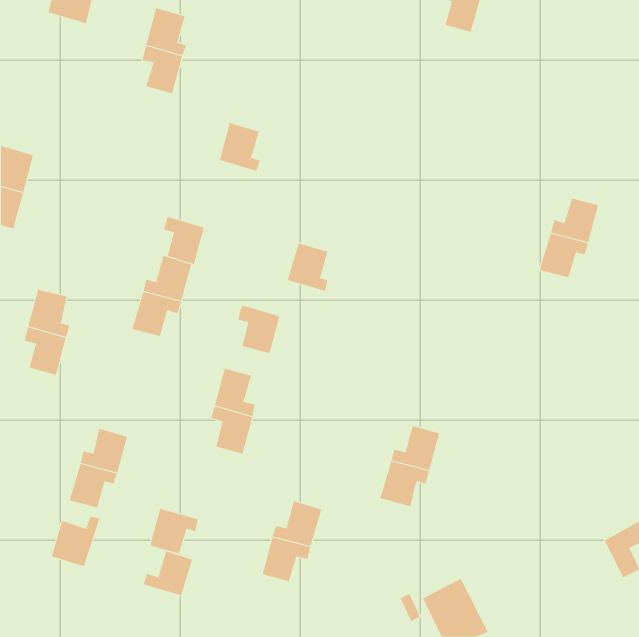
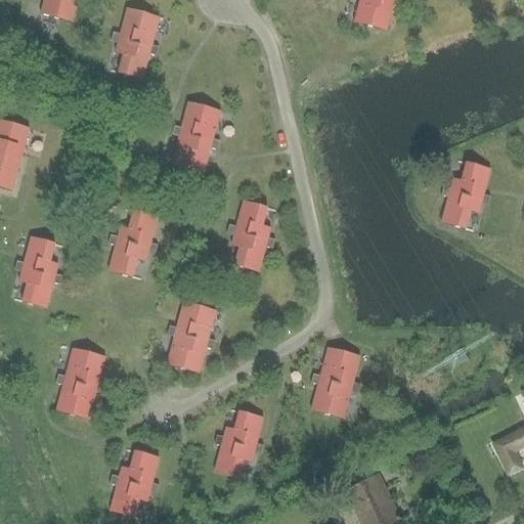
building: [163,216,205,265] -> [177,131,211,171]
building: [238,305,280,354] -> [232,229,267,269]
building: [150,508,198,554] -> [110,478,149,516]
building: [51,516,100,567] -> none

